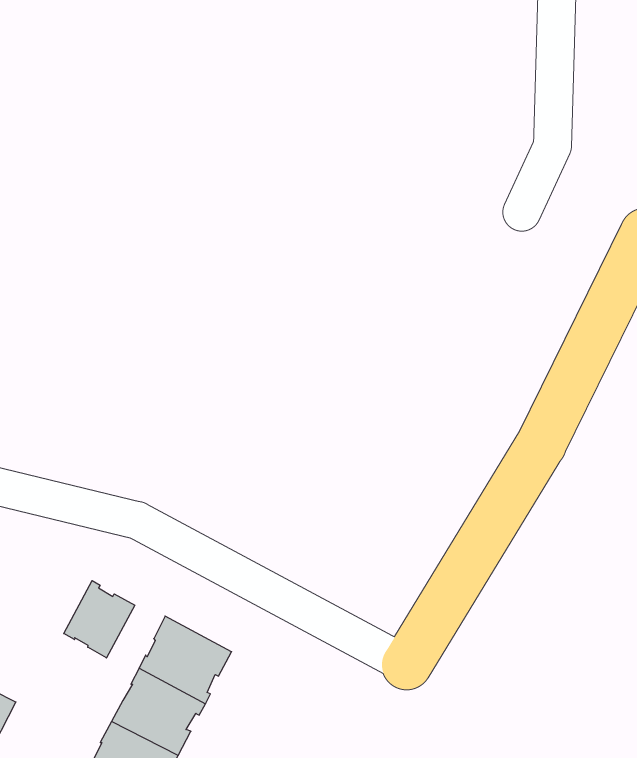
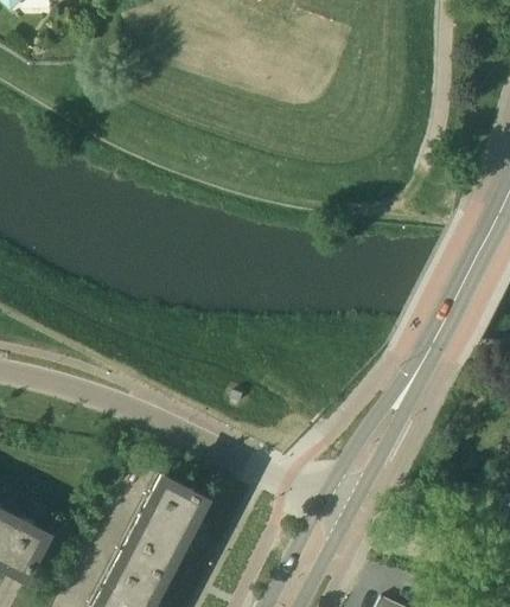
building: [64,581,135,658] -> none

